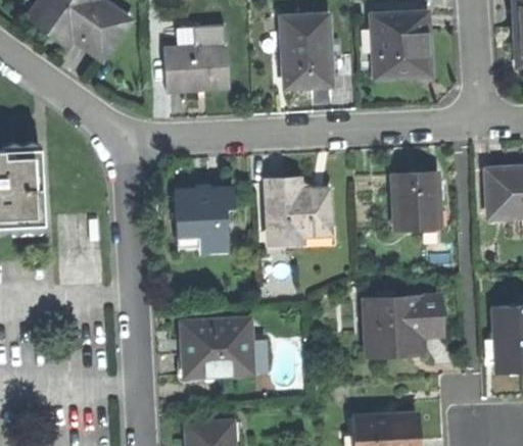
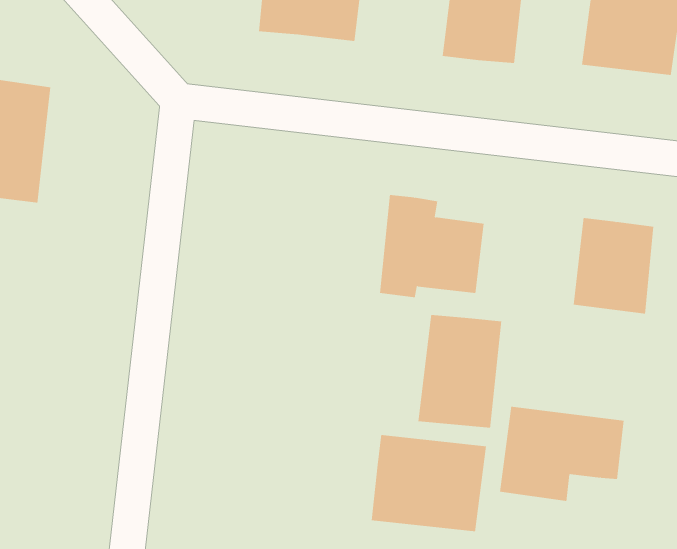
building: [177,186,235,250] -> none
building: none -> [418,314,502,428]
building: [182,317,252,377] -> [371,435,487,532]

